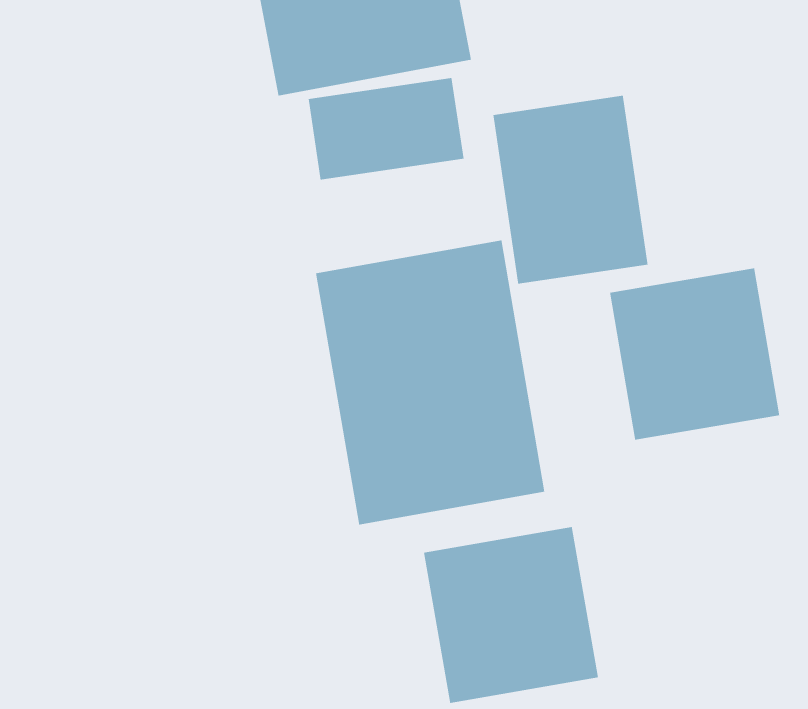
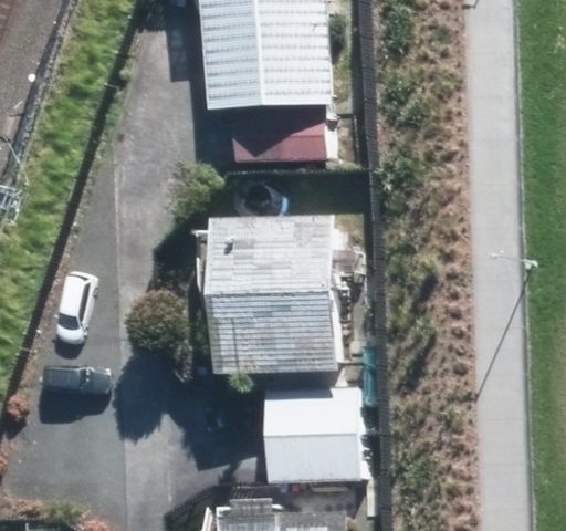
building: [493,95,648,285] -> none
building: [610,267,780,440] -> none

